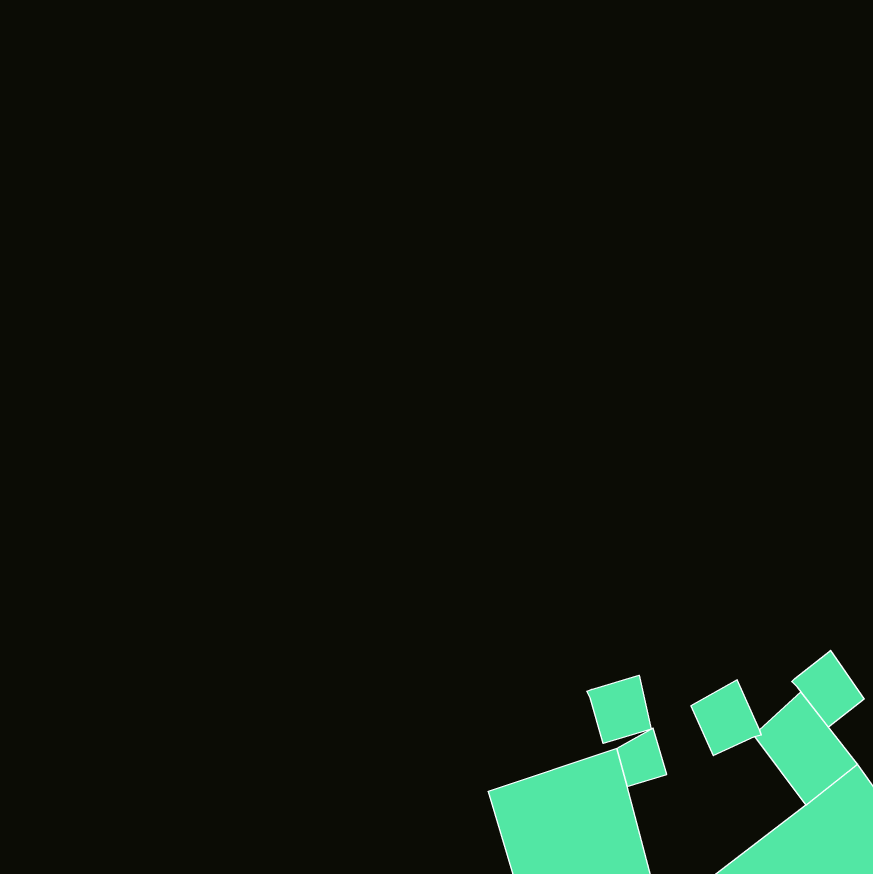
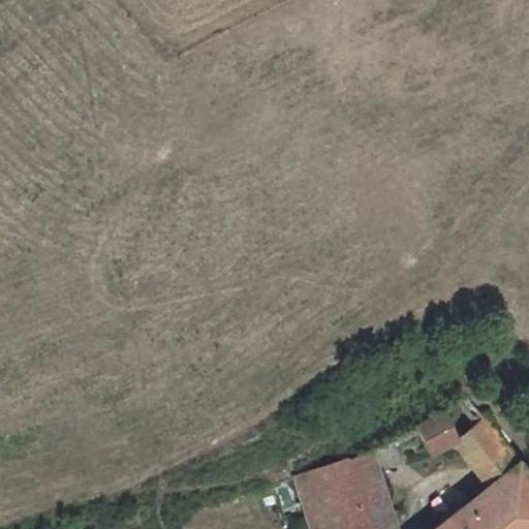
building: [792,650,864,727] -> none
building: [587,675,651,743] -> none

